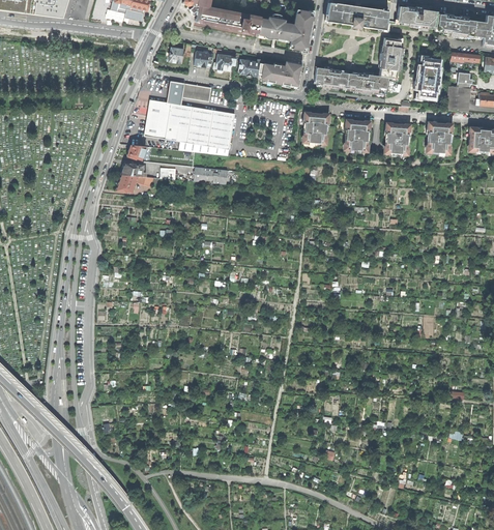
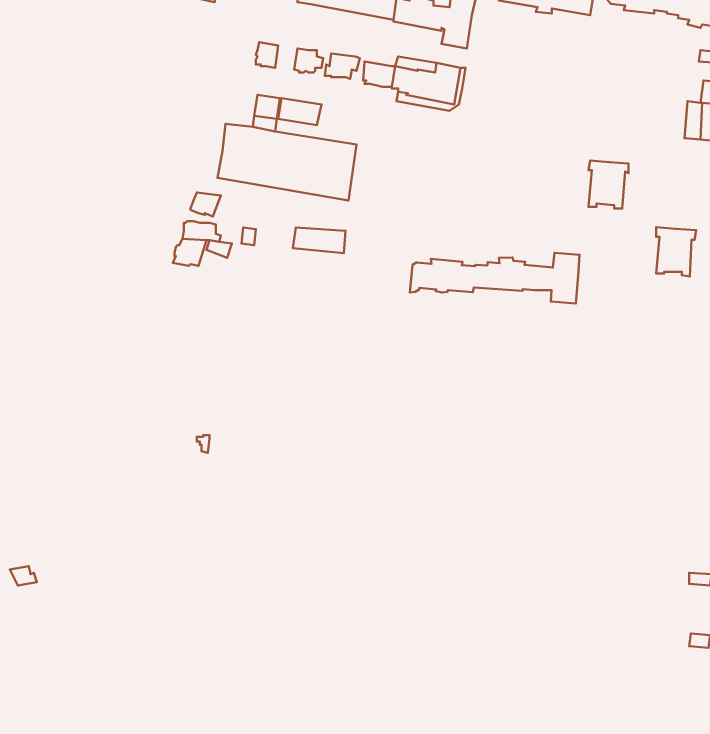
building: [314,37,402,94] -> none
building: [416,58,439,98] -> none
building: [303,113,328,144] -> none
building: [345,120,370,151] -> none
building: [427,122,453,154] -> [656,227,696,277]
building: none -> [410,253,579,303]

